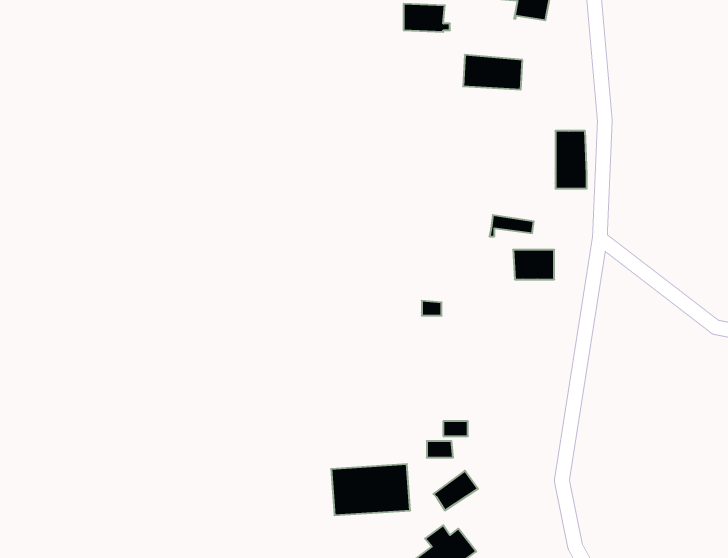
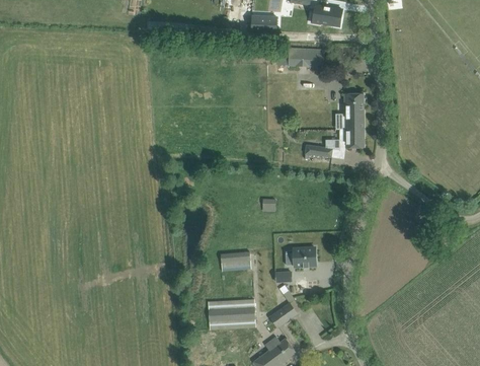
building: [513,250,554,279] -> [339,129,365,147]
building: none -> [294,246,316,267]
building: none -> [221,249,251,269]

